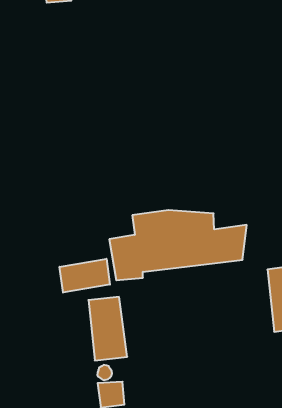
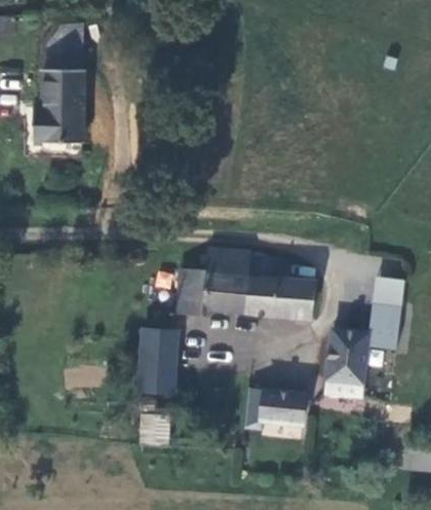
building: [60,259,110,293] -> none
building: none -> [261,391,305,423]

